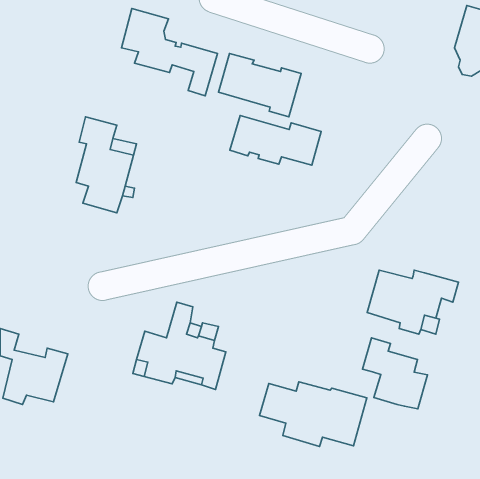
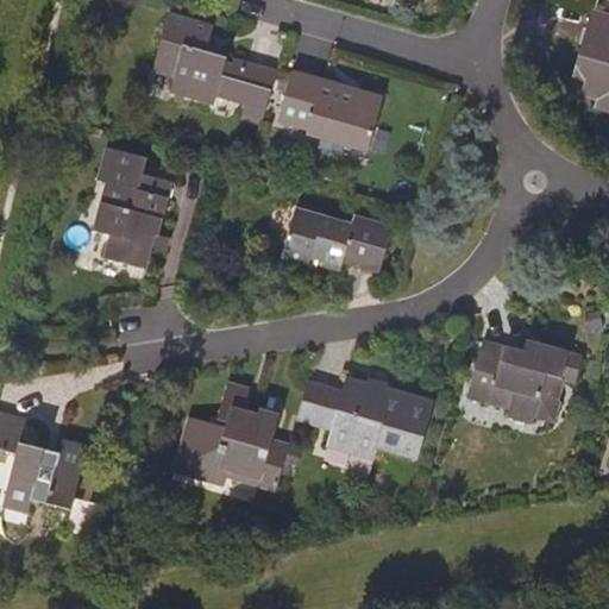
building: [230,115,321,165] -> [277,206,393,269]
building: [362,338,427,409] -> none
building: [259,382,367,447] -> [294,378,429,460]

